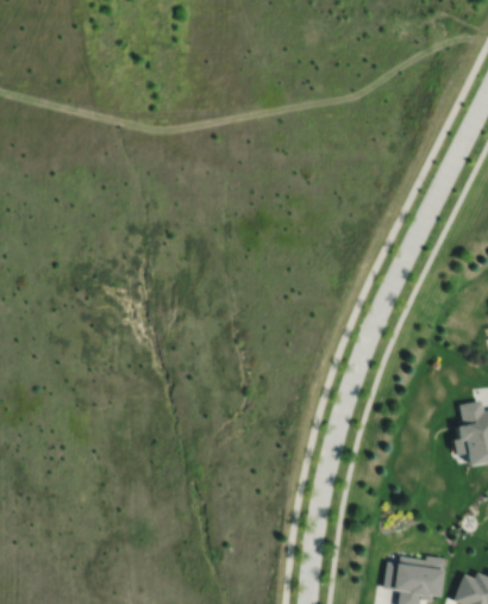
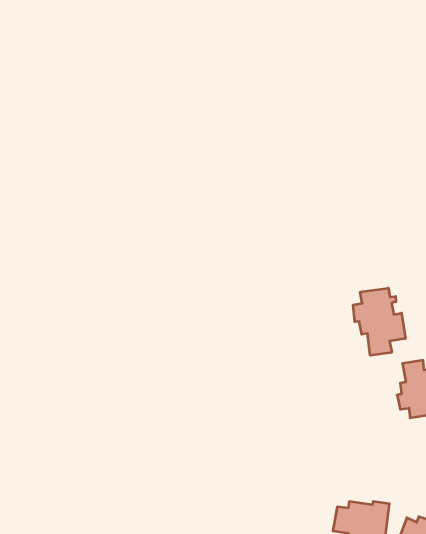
building: none -> [353,288,405,355]

